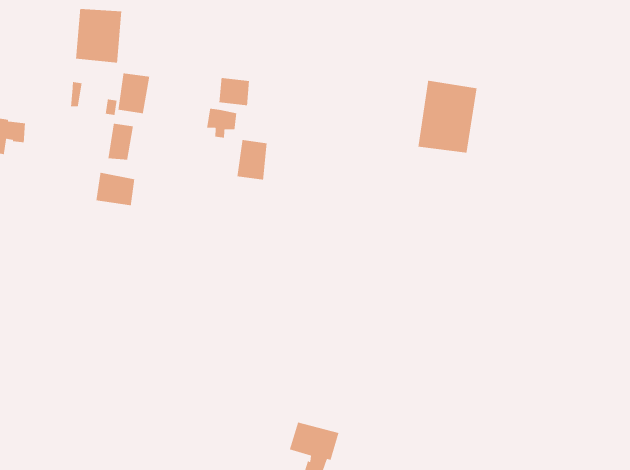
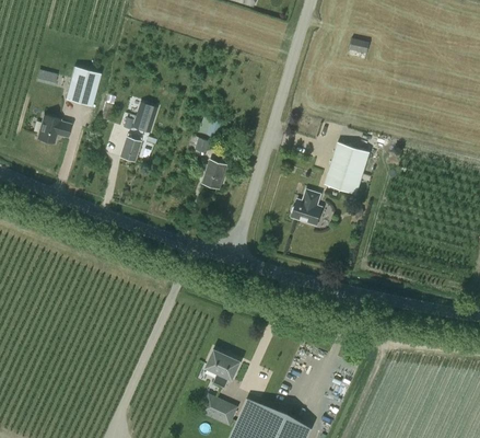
building: [75,8,122,63] -> [65,66,101,106]
building: none -> [291,189,321,224]
building: [95,172,135,206] -> none

